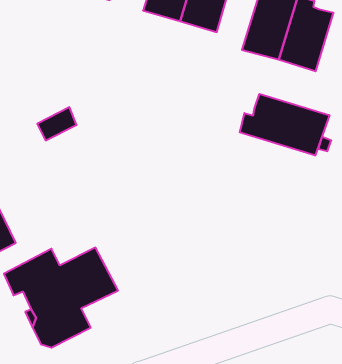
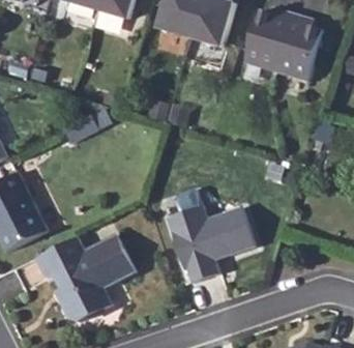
building: [240,94,329,156] -> none
building: none -> [166,204,254,282]

